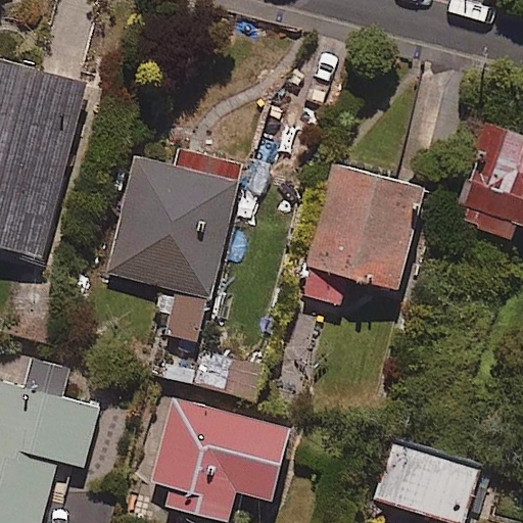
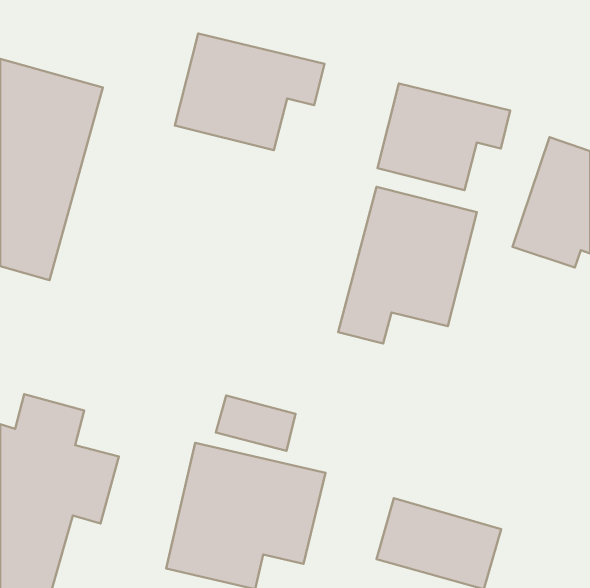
building: none -> [175,33,324,150]
building: none -> [377,84,510,190]
building: [106,150,241,343] -> none

